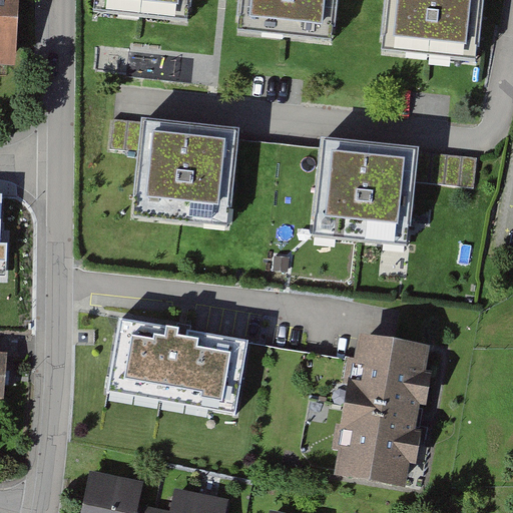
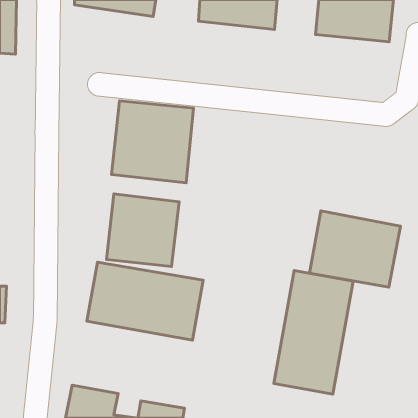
building: [316,143,416,238] -> none
building: none -> [106,194,179,267]
building: none -> [310,211,401,287]

